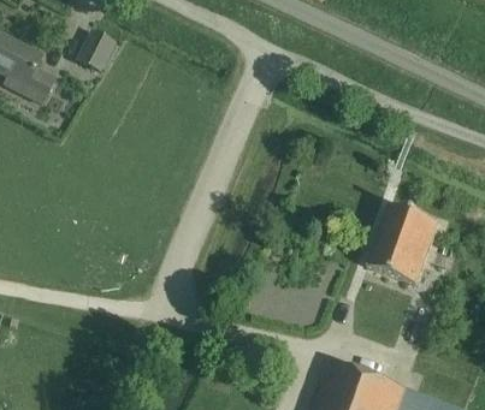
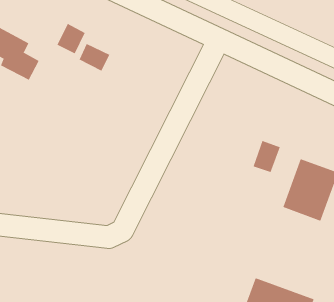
building: none -> [79,43,110,72]
building: none -> [253,140,281,173]

